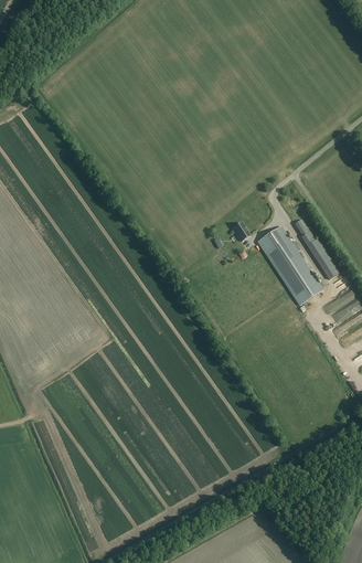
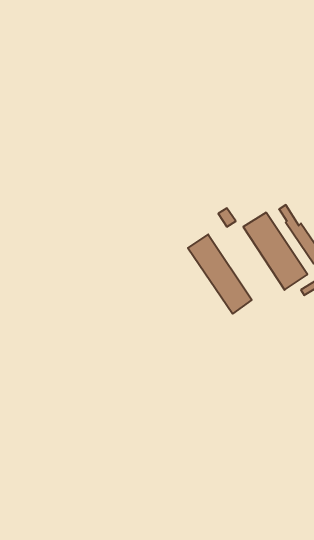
building: none -> [188,234,252,314]

